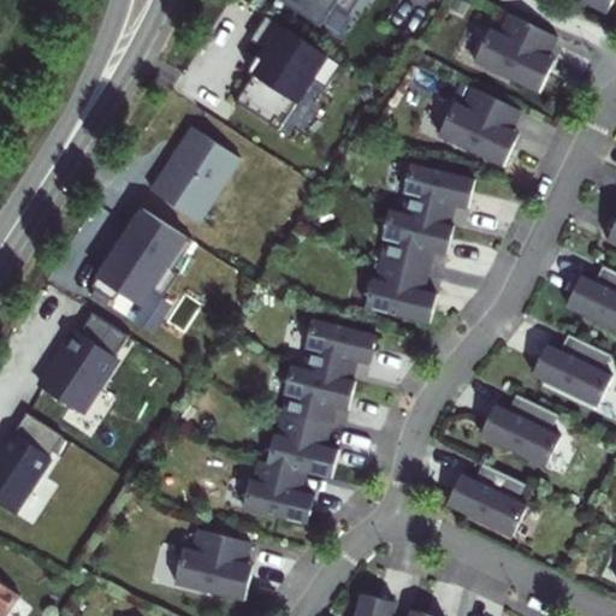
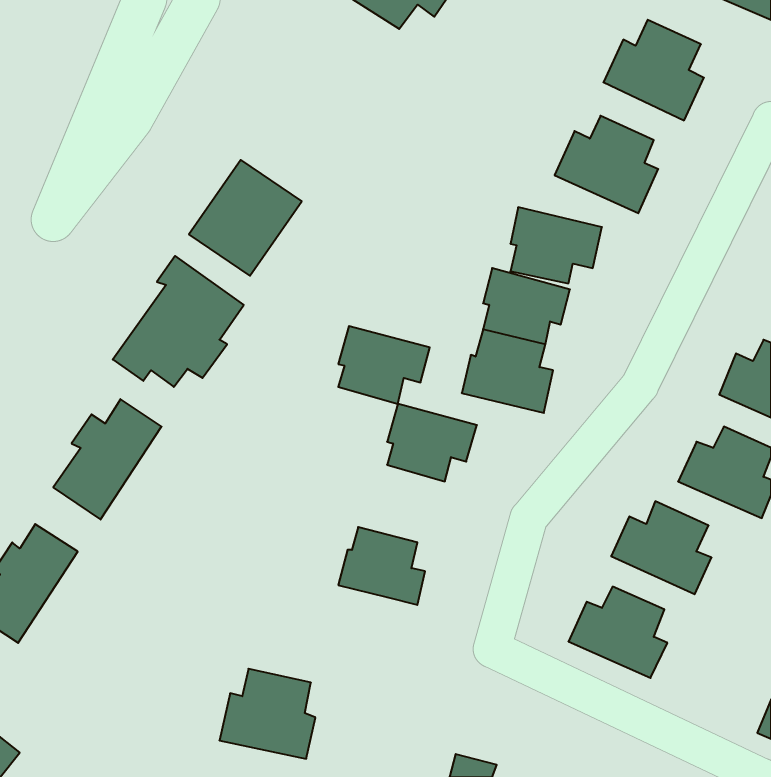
building: [235,16,338,123] -> none
building: [283,365,355,426] -> [338,326,430,404]
building: [243,461,312,523] -> none

